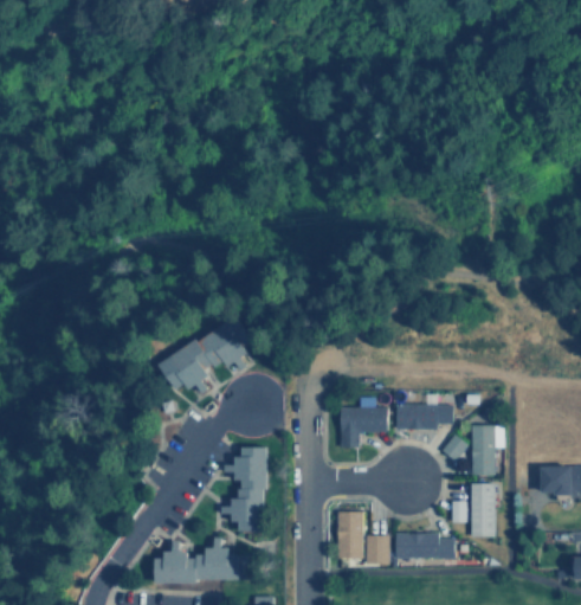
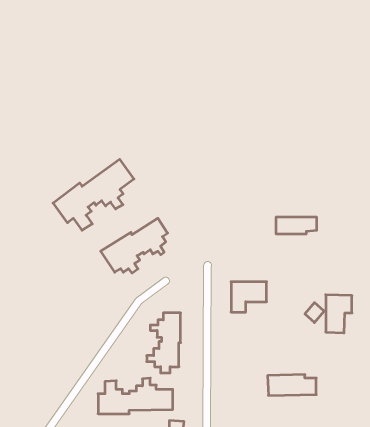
building: none -> [53,159,134,230]
building: [396,406,452,429] -> [276,217,317,234]
building: [451,484,495,539] -> none
building: [335,511,387,561] -> none

